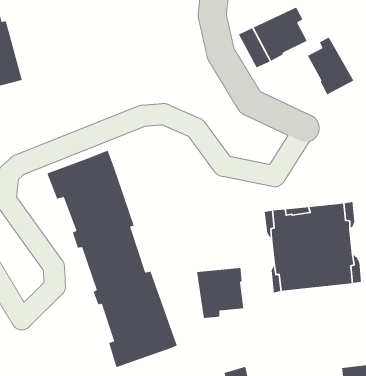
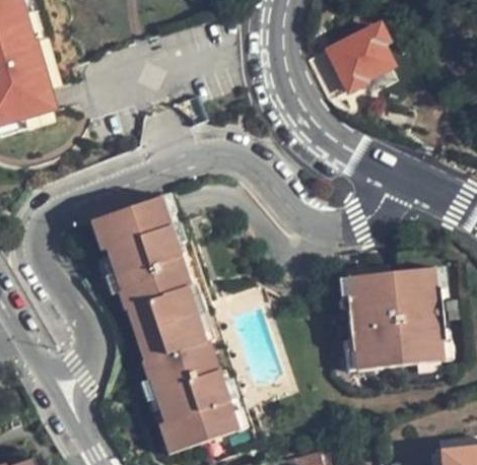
building: [307,36,354,95] -> none
building: [196,267,244,319] -> none

